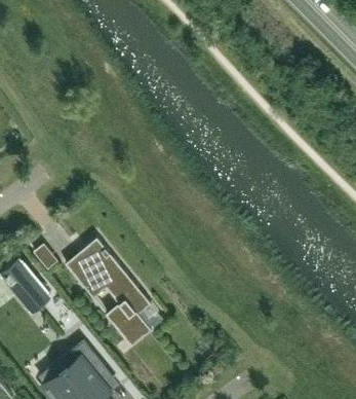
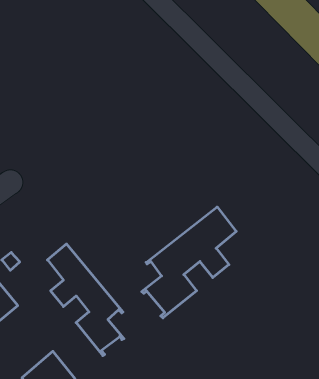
building: none -> [142,207,236,318]

